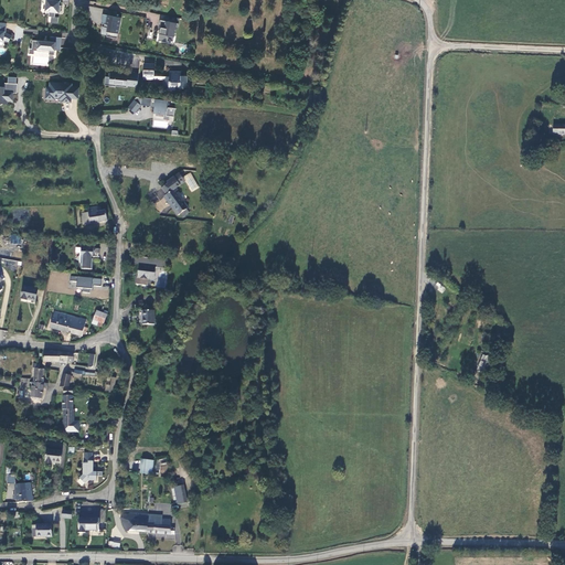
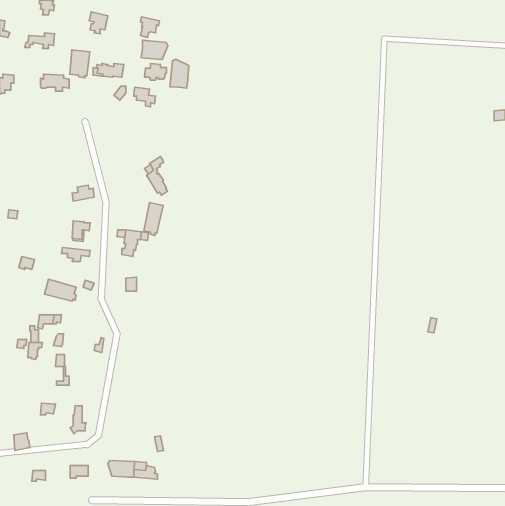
building: none -> [141,40,168,60]
building: none -> [70,50,90,78]
building: none -> [170,59,189,88]
building: none -> [144,203,163,235]

